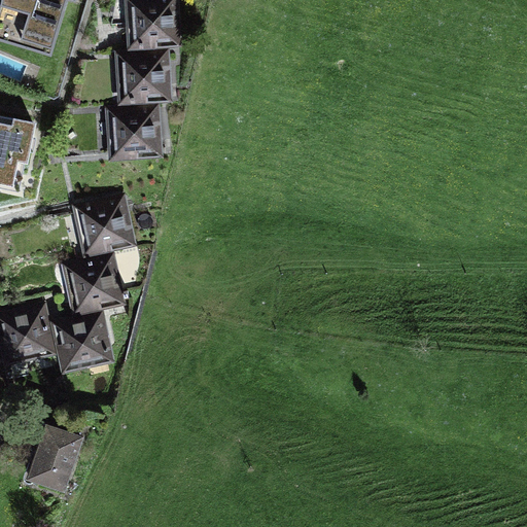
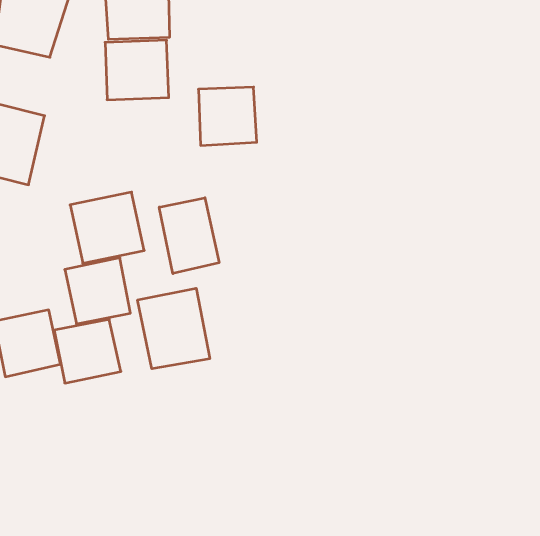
building: [103,98,160,154] -> [198,87,257,145]
building: none -> [159,198,219,274]
building: none -> [138,288,210,369]
building: [24,427,85,496] -> none

